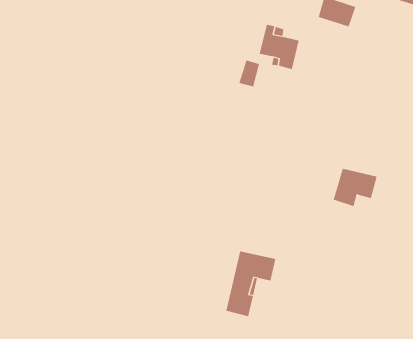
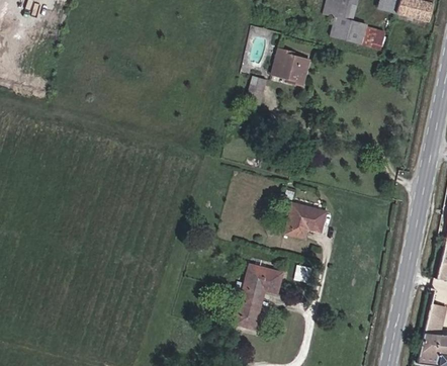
building: none -> [357,20,380,47]
building: [333,168,378,207] -> [284,201,329,240]

